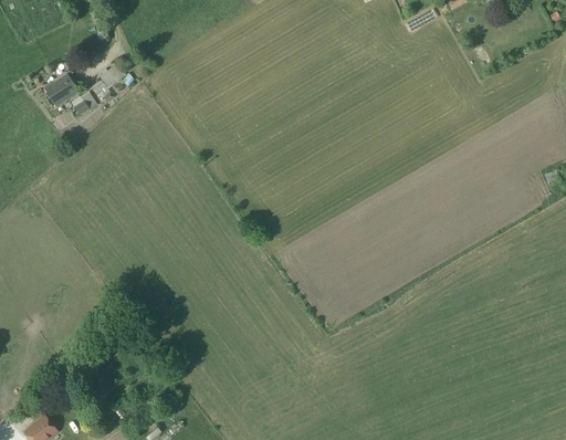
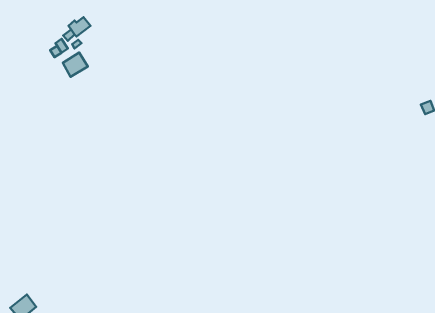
building: [44,75,76,106] -> [63,52,88,77]

